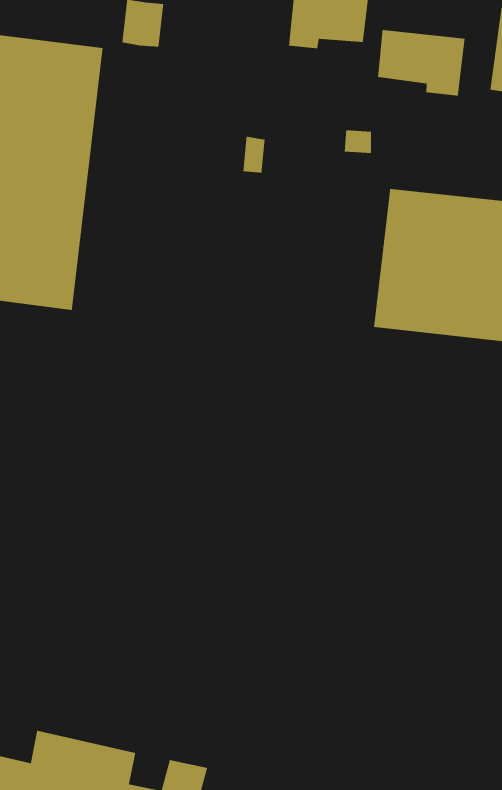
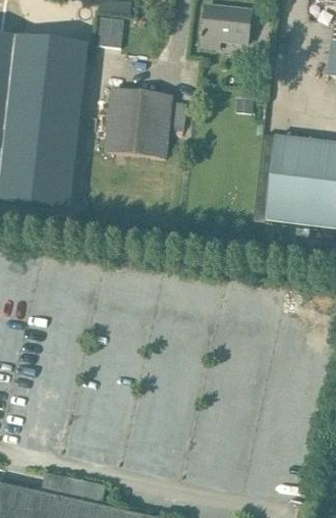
building: [377,29,466,96] -> none
building: none -> [105,89,172,157]

